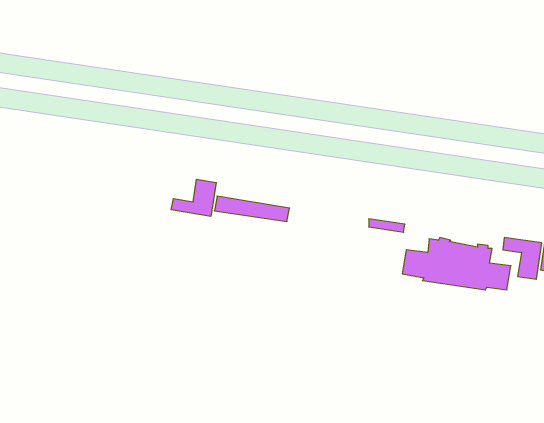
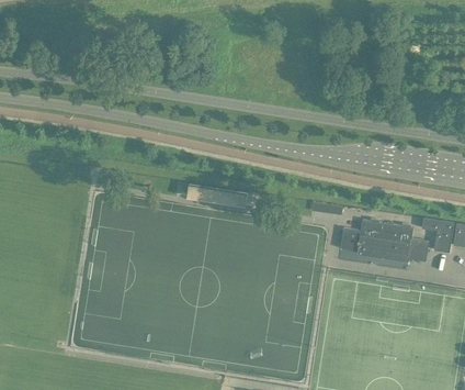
building: [171,179,216,216] -> none

